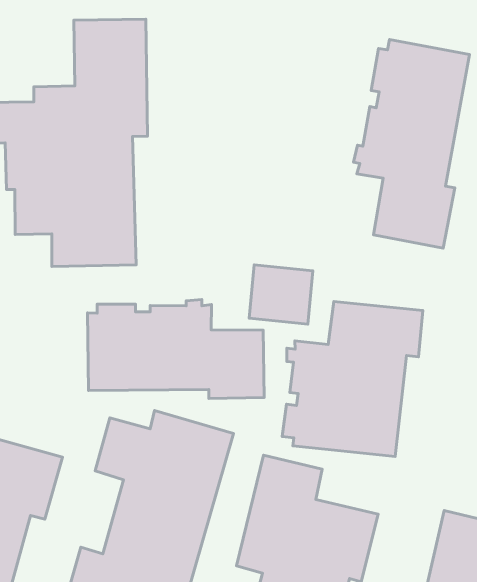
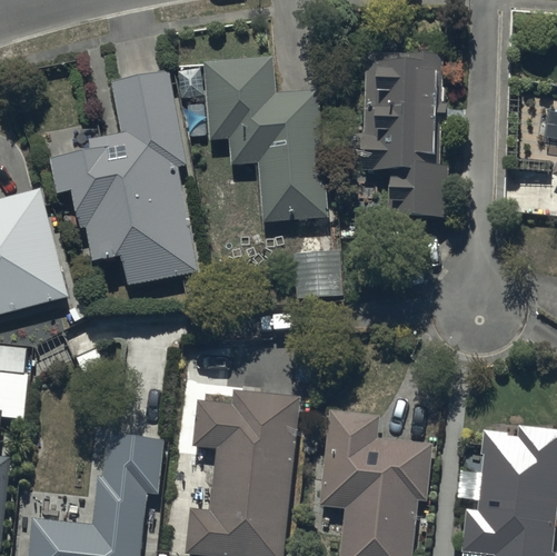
building: none -> [202,58,327,222]
building: [88,299,264,399] -> none
building: [282,301,423,456] -> none

